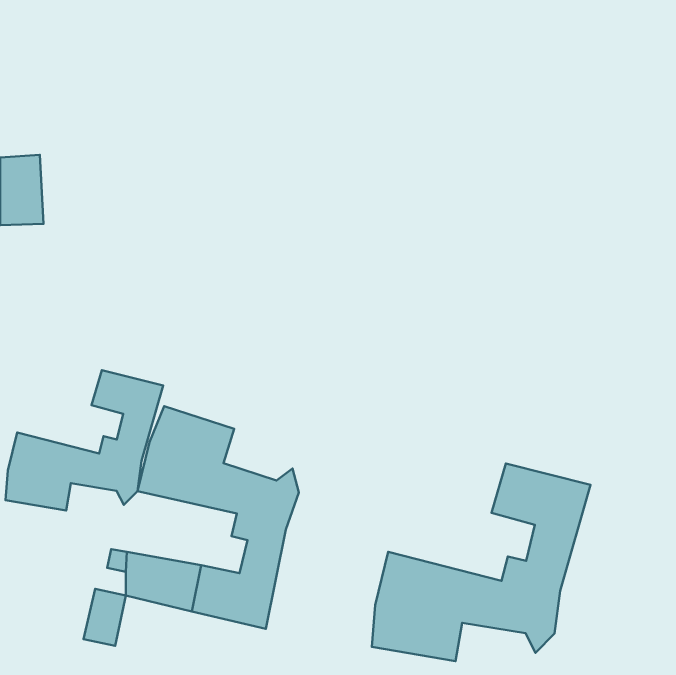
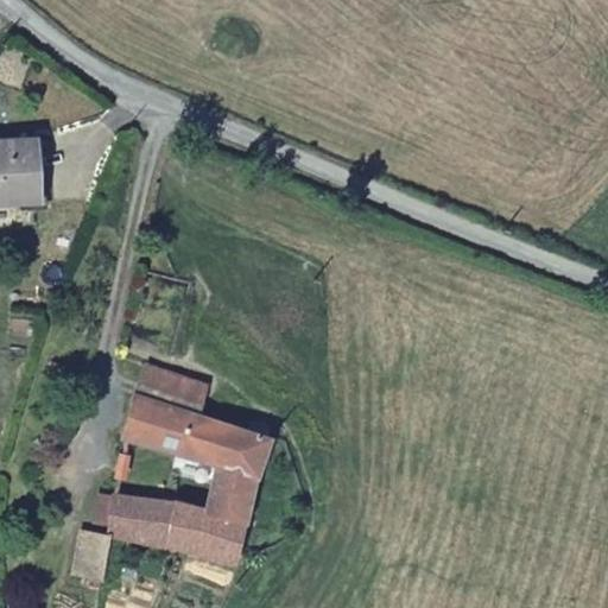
building: [6,370,163,511] -> none
building: [372,463,591,661] -> none

